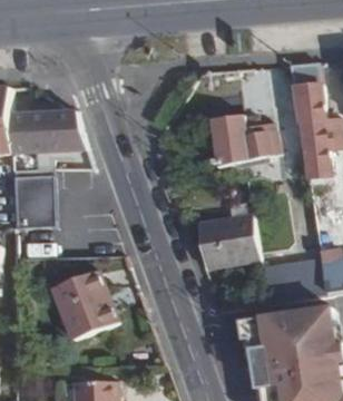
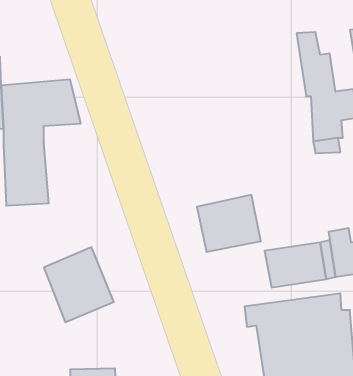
building: [205,111,275,165] -> none

